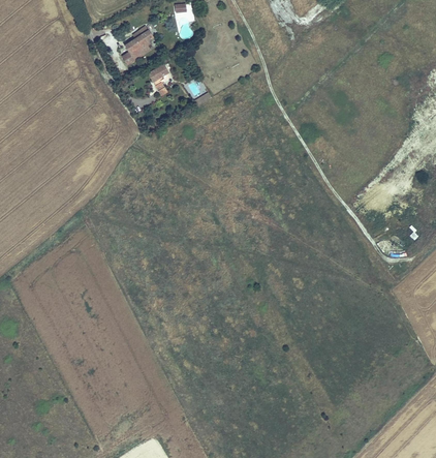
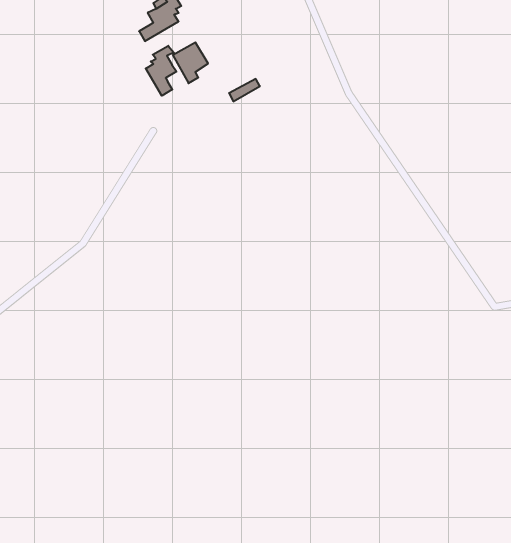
building: none -> [146,46,176,96]

